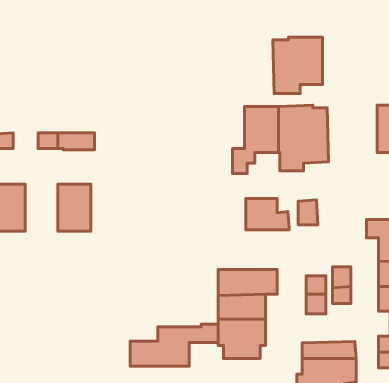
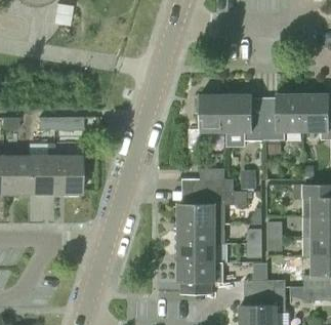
building: [273,37,323,94] -> [263,94,302,138]
building: none -> [28,141,53,193]
building: [130,324,218,366] -> [178,190,247,222]

